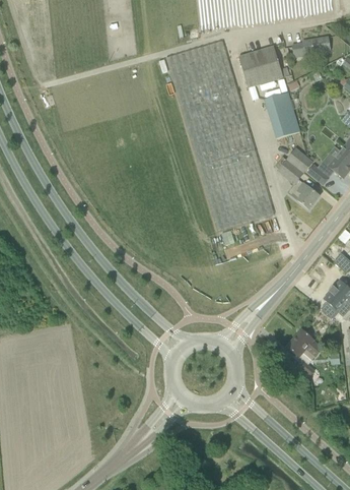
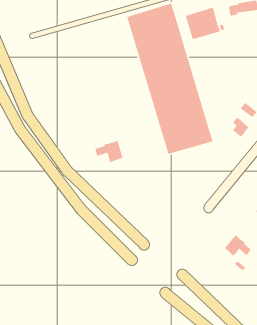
building: [268,90,301,136] -> none
building: [274,146,312,183] -> none
building: none -> [95,140,124,163]

